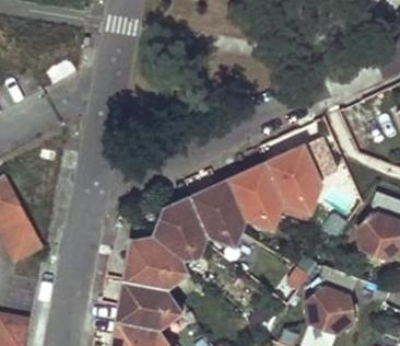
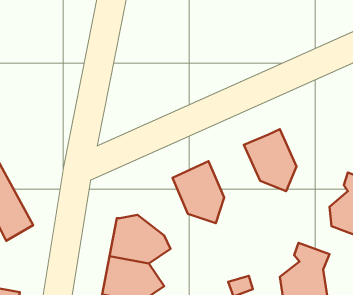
building: [228,162,283,229] -> none
building: [153,197,207,258] -> none

